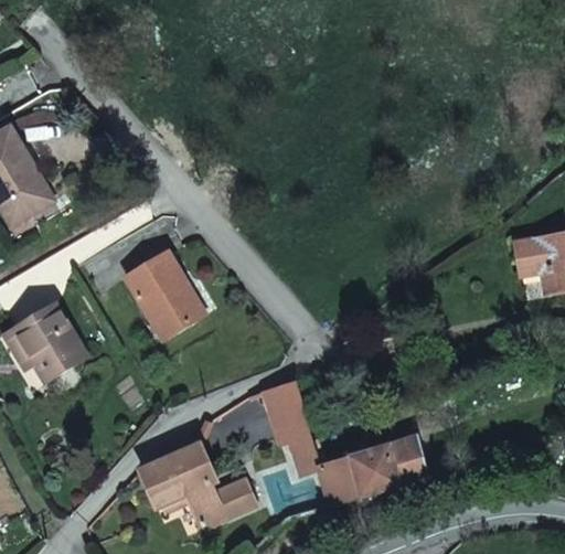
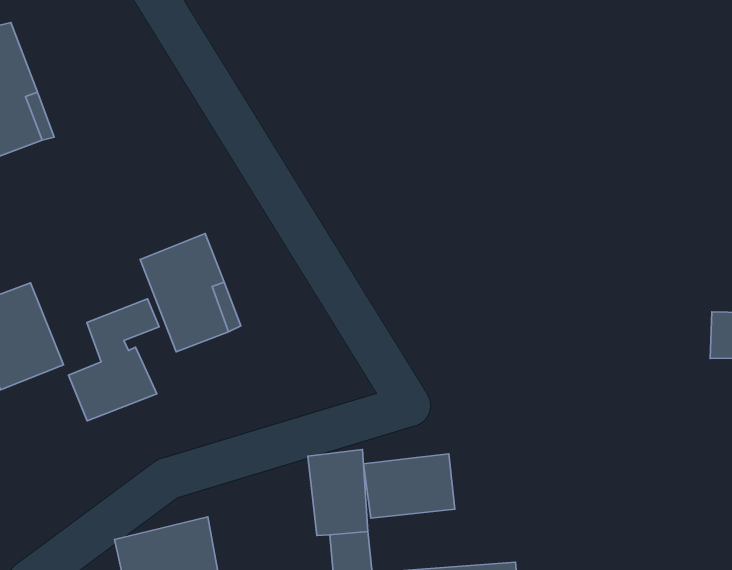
building: none -> [69,299,159,421]
building: none -> [364,454,455,518]

